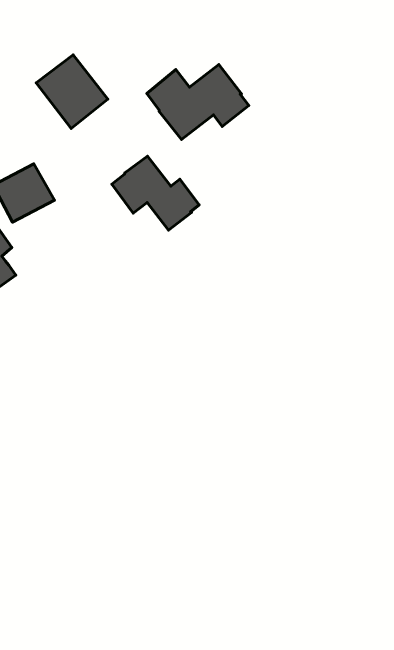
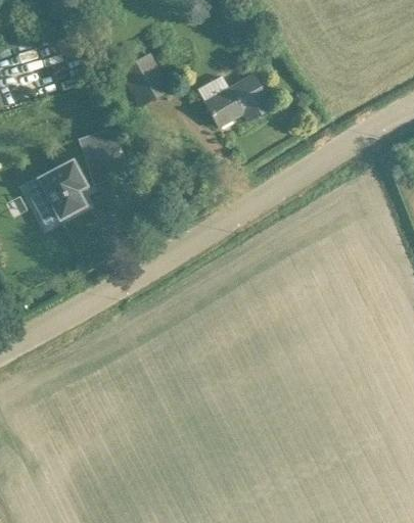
building: [112,156,199,230] -> none

